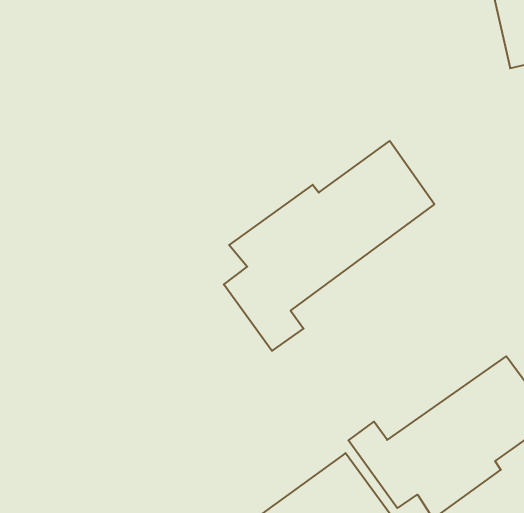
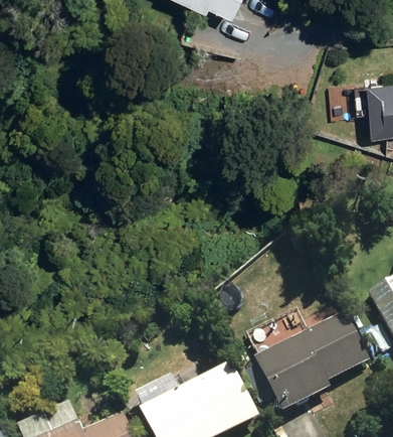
building: [224,141,434,351] -> none

